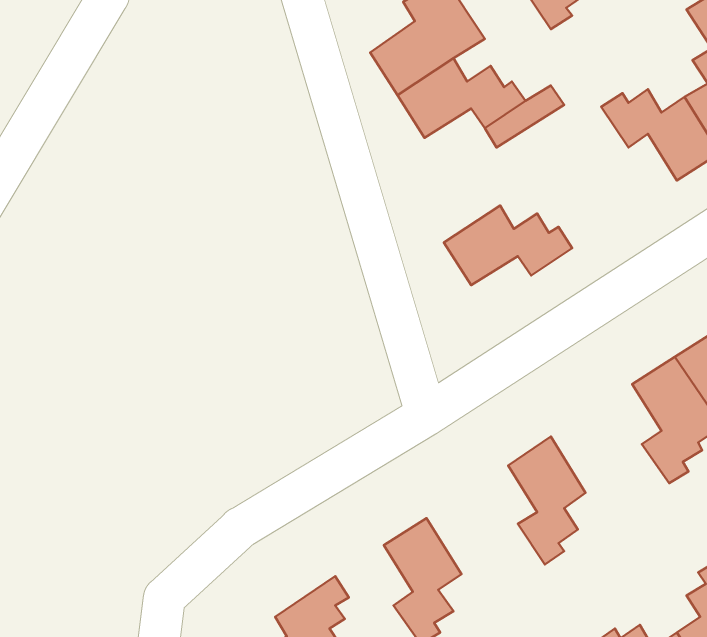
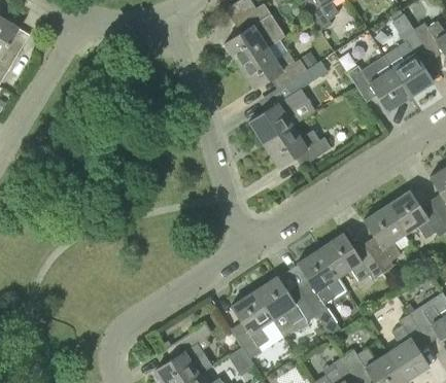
building: none -> [248,96,297,145]
building: none -> [320,234,383,282]
building: none -> [254,277,317,324]

